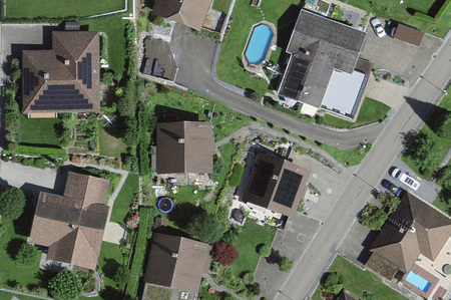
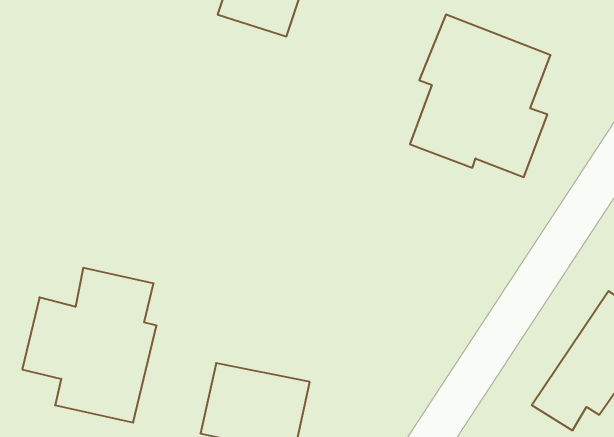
building: [23,28,100,111] -> none
building: [158,125,210,175] -> none
building: [238,152,308,219] -> none

